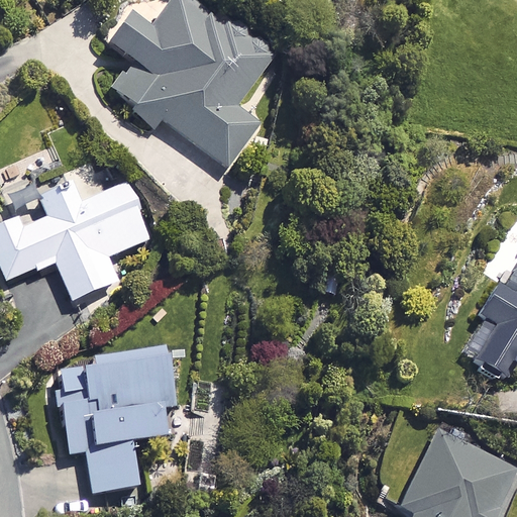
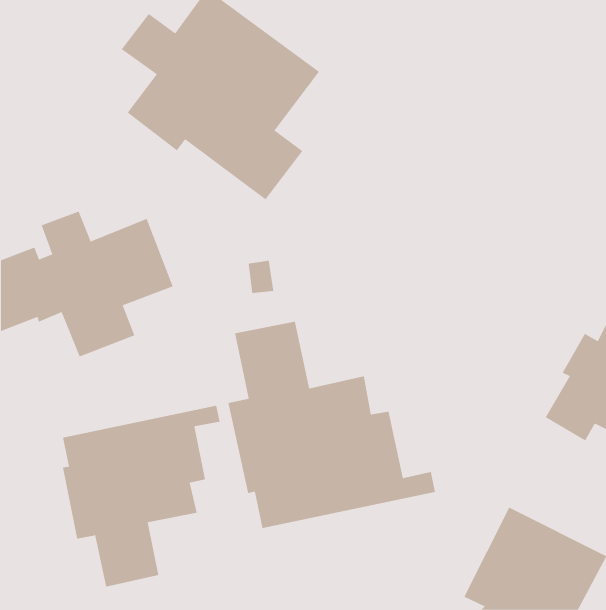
building: none -> [228,321,436,529]

